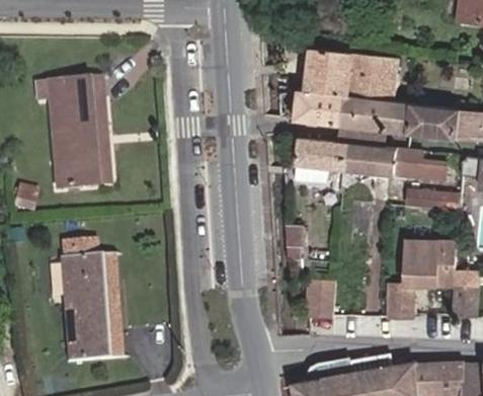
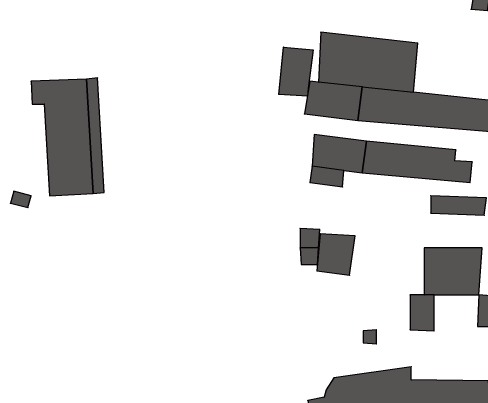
building: none -> [279,47,313,96]
building: [56,239,125,358] -> none
building: [299,282,334,320] -> [317,234,355,275]

